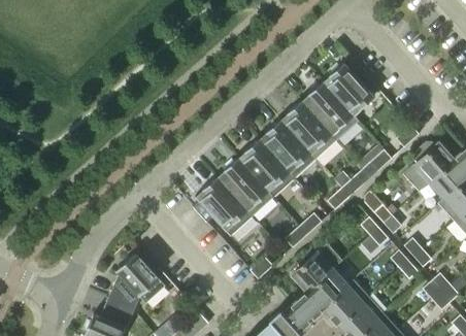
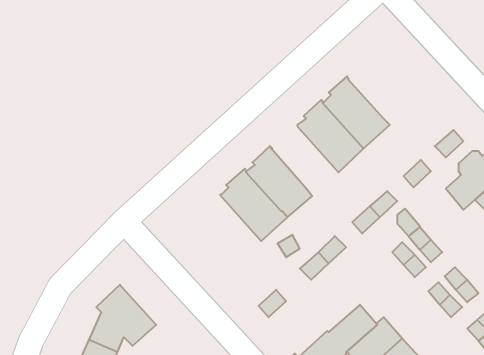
building: [325,62,375,115] -> none
building: [261,119,317,179] -> none
building: [194,176,253,236] -> none
building: [293,243,342,292] -> none

